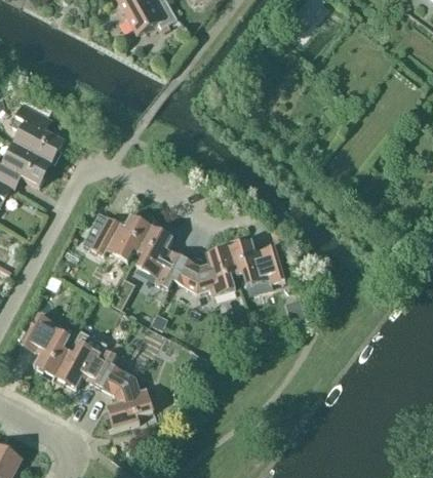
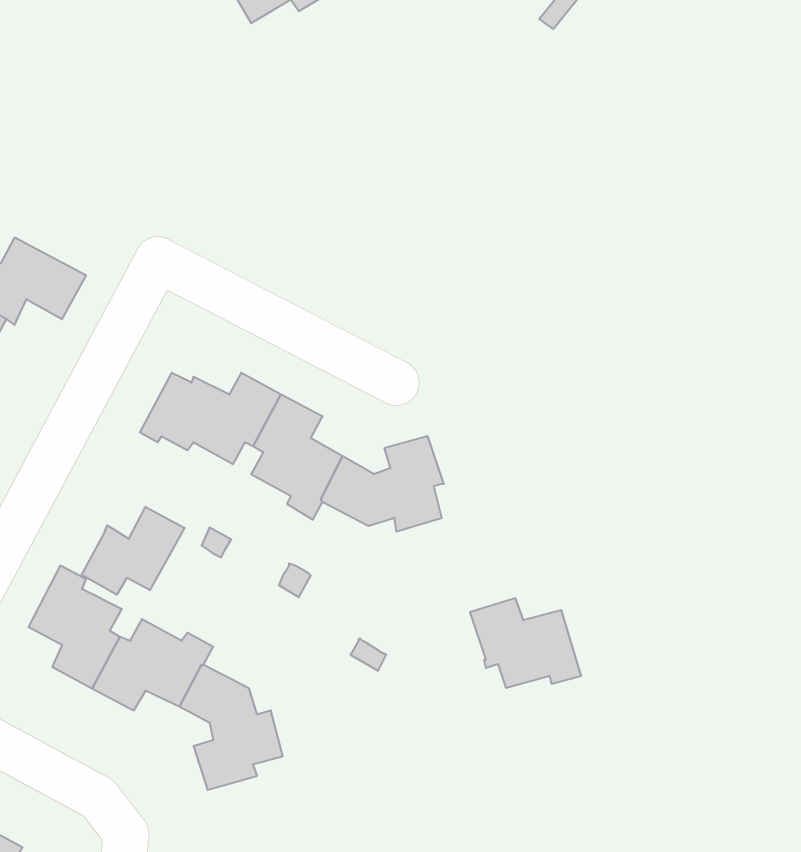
building: [12,97,63,163] -> none
building: [228,239,285,285] -> [470,598,581,688]
building: none -> [81,507,185,595]

